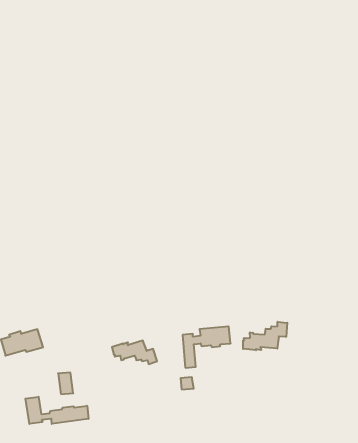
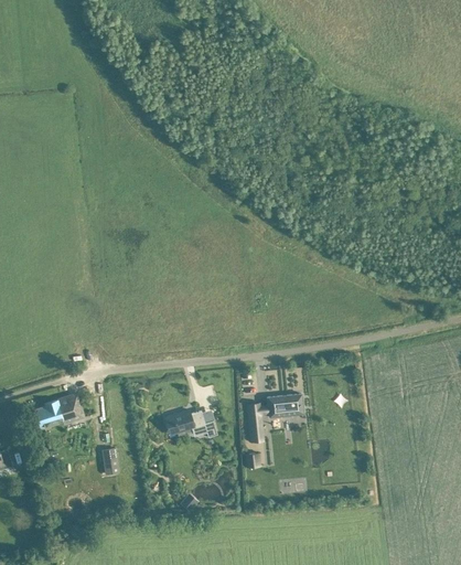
building: [243,322,287,350] -> none
building: [25,397,88,424] -> none

